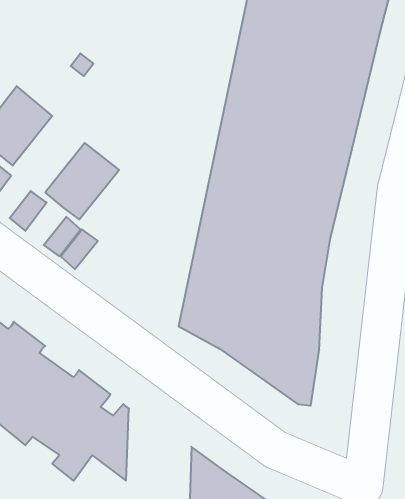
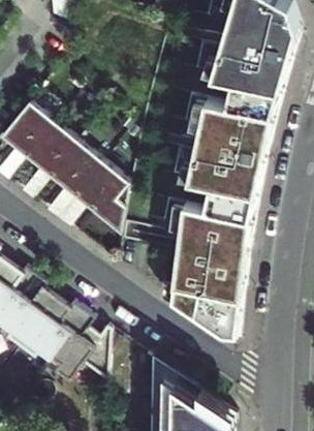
building: none -> [25,120,77,176]
building: none -> [73,159,129,230]

